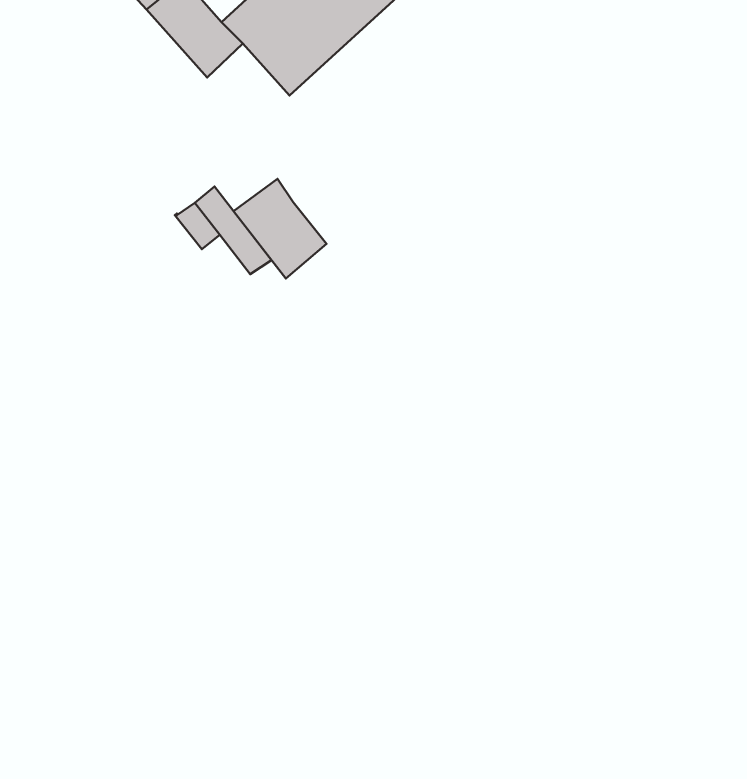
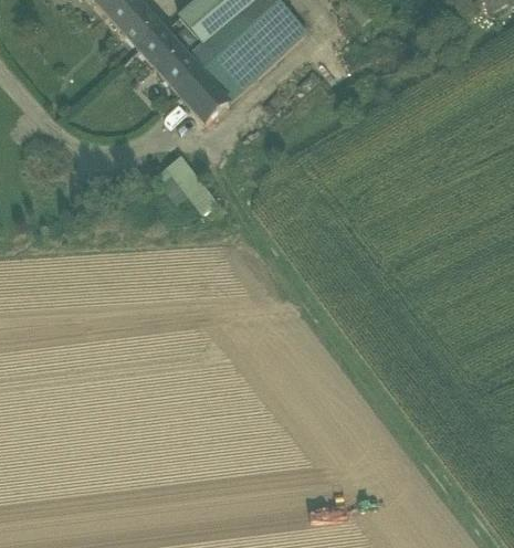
building: none -> [177,70,229,123]
building: [234,179,327,278] -> none

